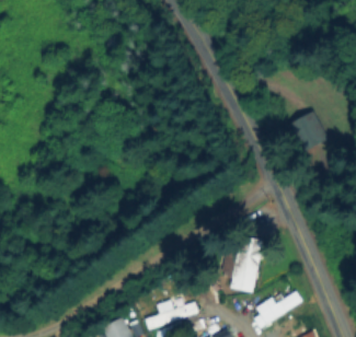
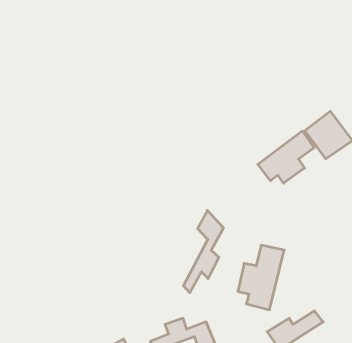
building: none -> [258,131,314,183]
building: none -> [183,210,223,293]

